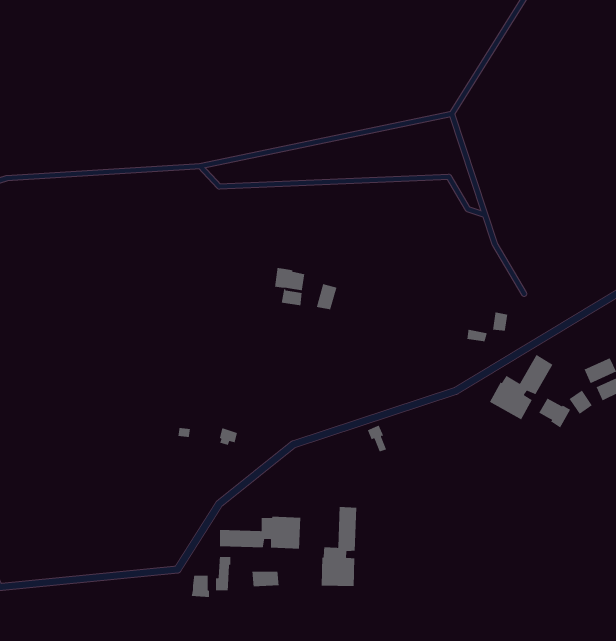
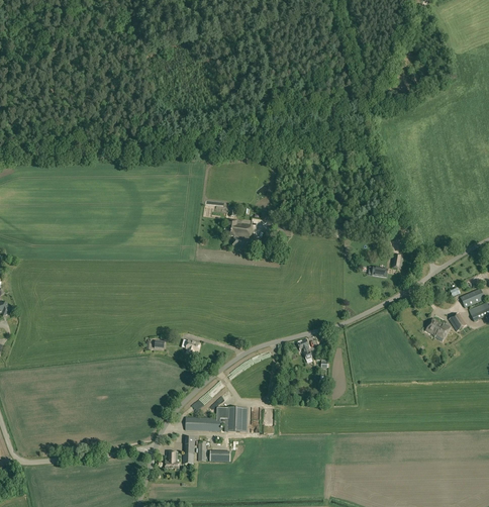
building: [489,354,554,421] -> none
building: [321,506,357,587] -> none

